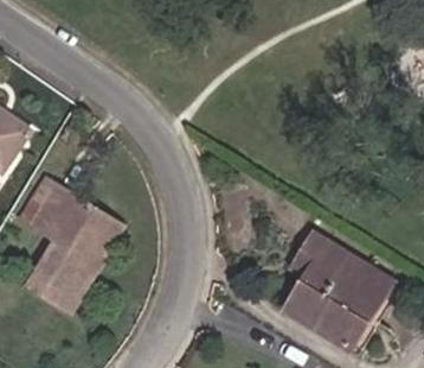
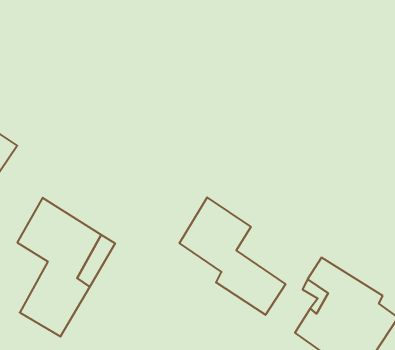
building: none -> [180,197,285,315]

